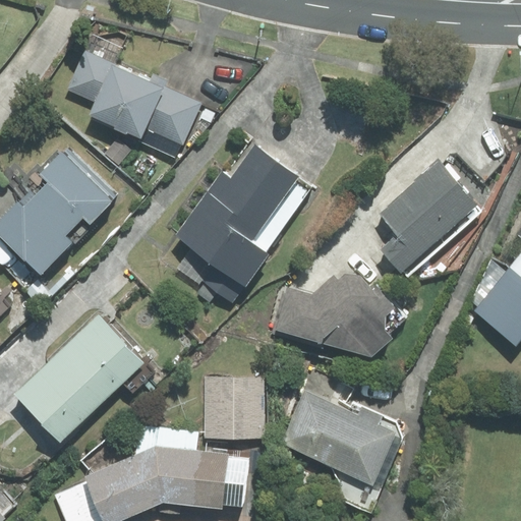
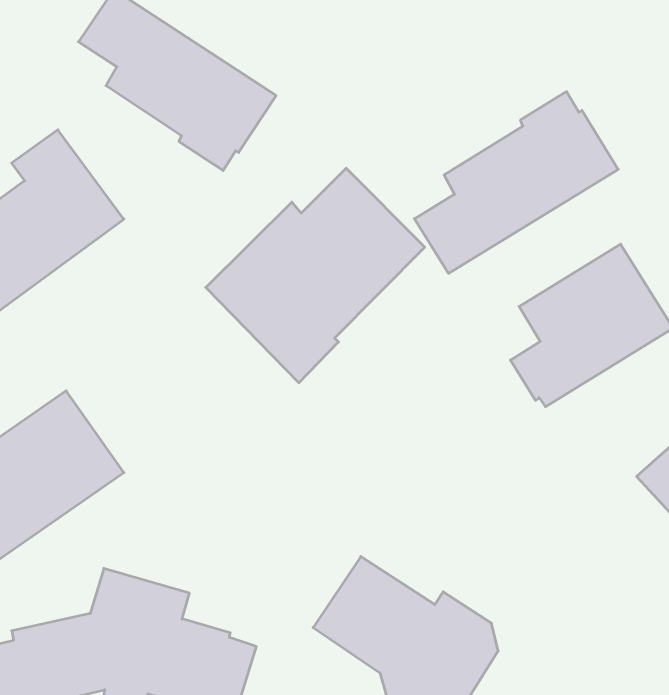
building: none -> [414,92,618,273]
building: [275,275,407,357] -> none
building: [204,372,270,435] -> none

